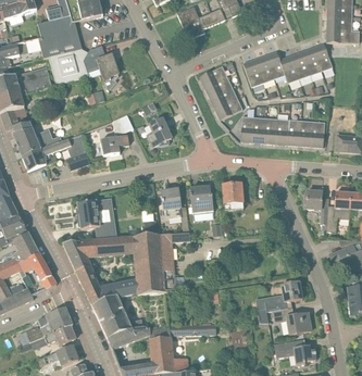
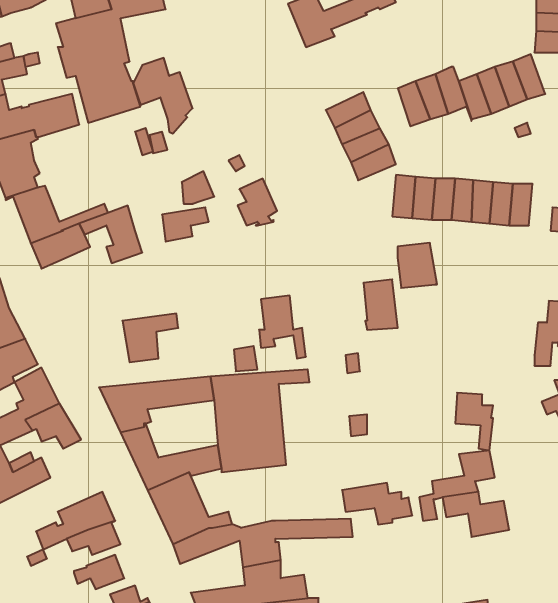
building: [190,186,214,213] -> [398,243,437,288]
building: [305,189,328,224] -> [455,393,493,450]
building: [274,339,316,364] -> [342,483,412,524]

